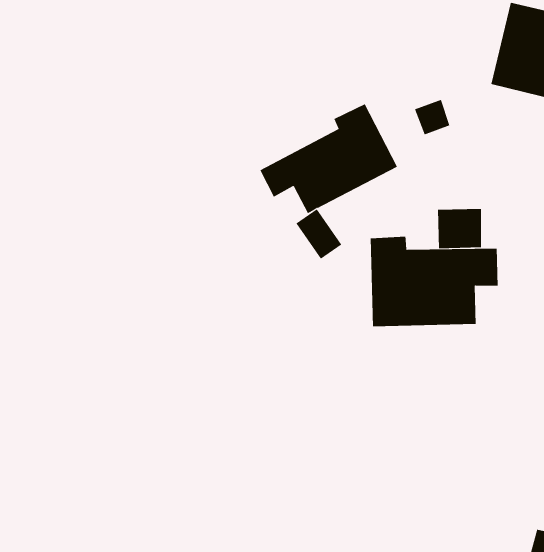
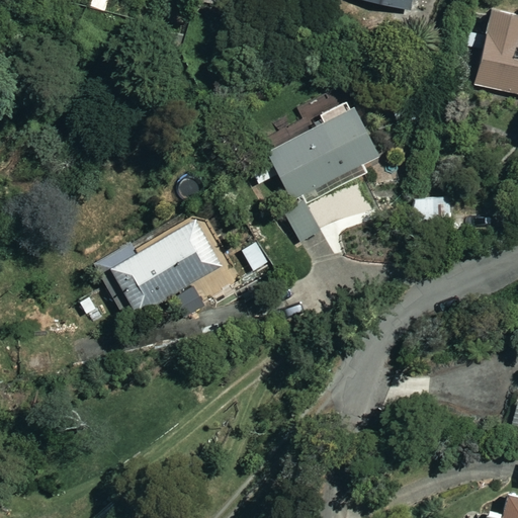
building: none -> [105,214,229,317]
building: [370,236,498,327] -> none

